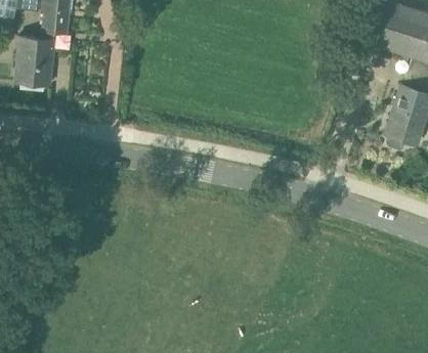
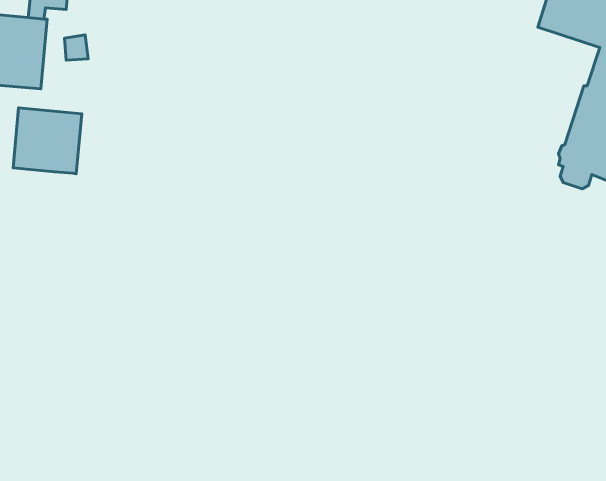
building: none -> [13,108,82,174]

